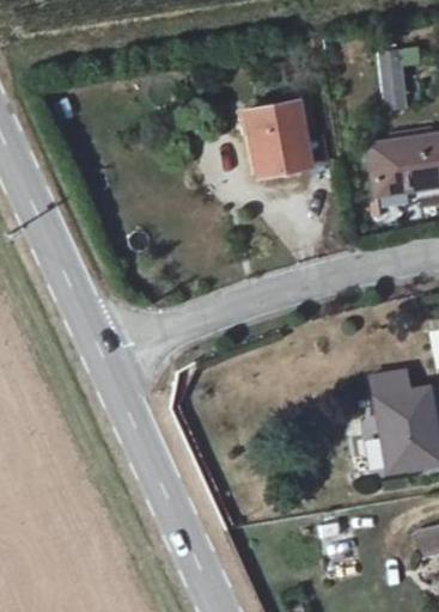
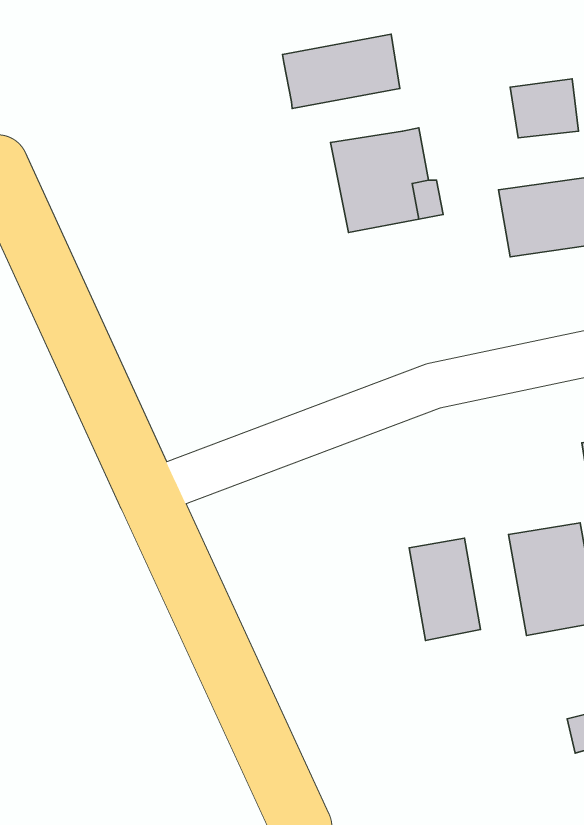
building: none -> [282,34,400,108]
building: none -> [409,538,481,640]

